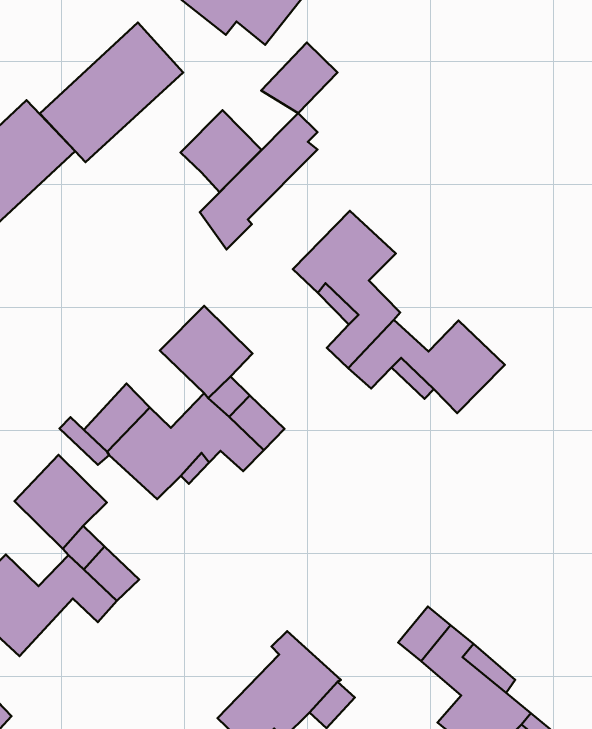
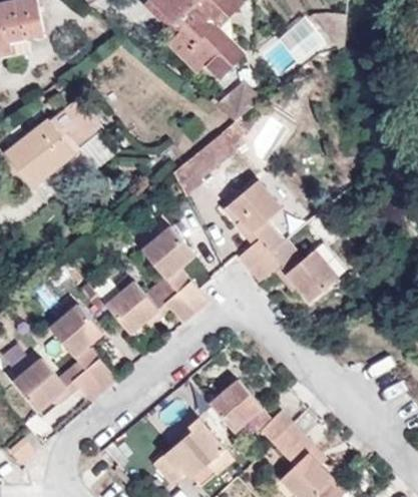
building: [40,22,183,162] -> none
building: [181,110,262,192] -> none
building: none -> [208,380,261,432]

